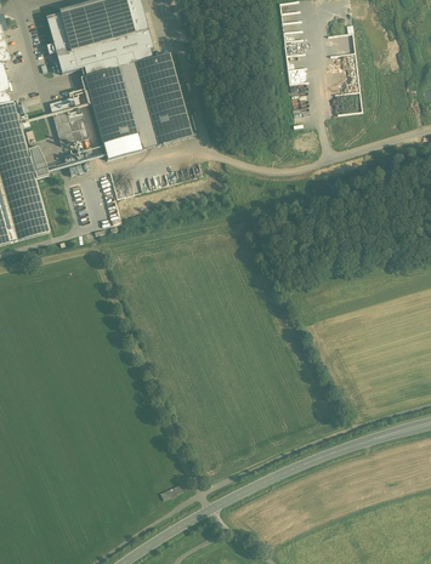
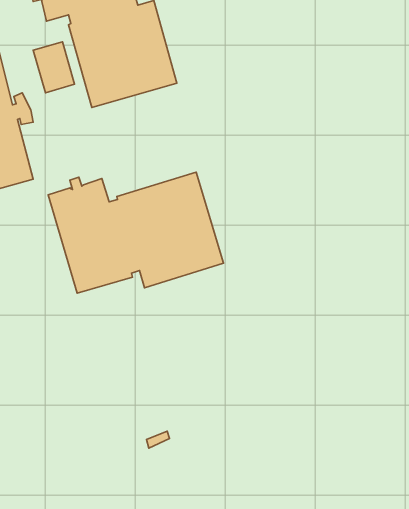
building: none -> [48,172,224,293]

